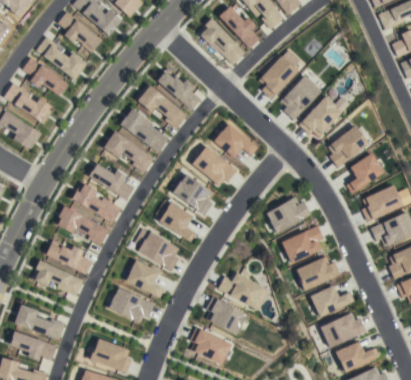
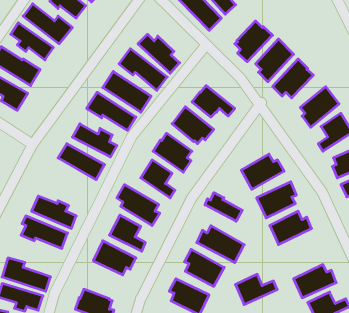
building: [56,205,110,243] -> none
building: none -> [205,193,242,221]
building: [311,284,355,316] -> [235,274,277,305]

